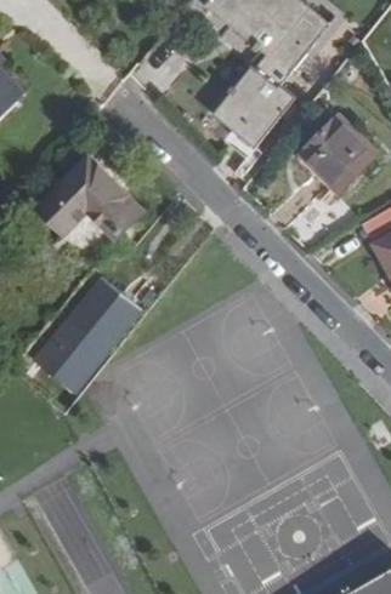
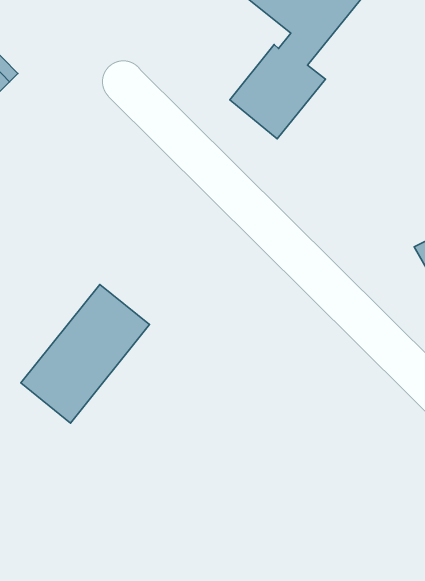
building: [301,114,378,193] -> none
building: [38,155,143,236] -> none

